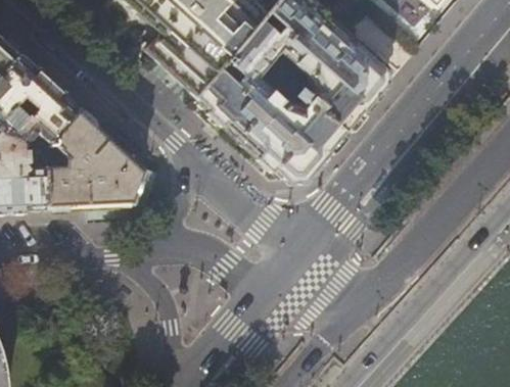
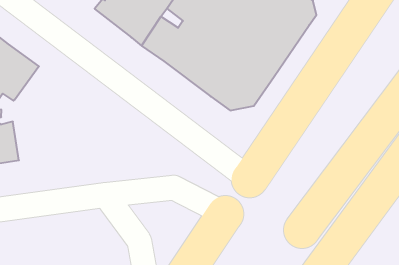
building: [43,106,140,206] -> none

